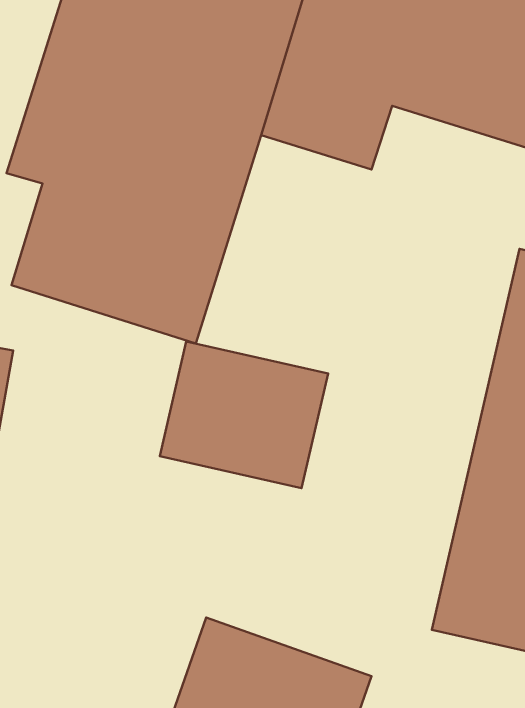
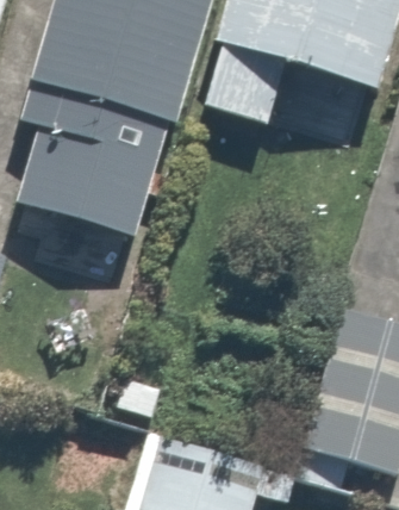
building: [160,341,328,488] -> none

